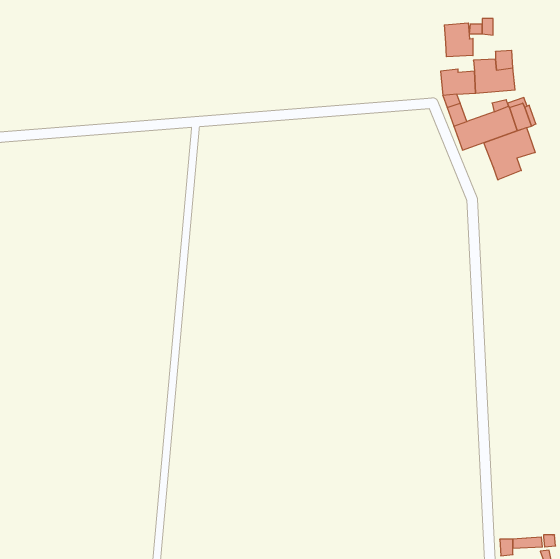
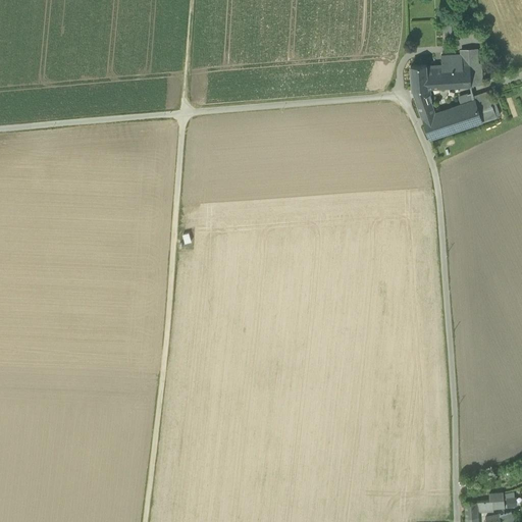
building: [444,23,473,57] -> none
building: [484,128,535,180] -> none

